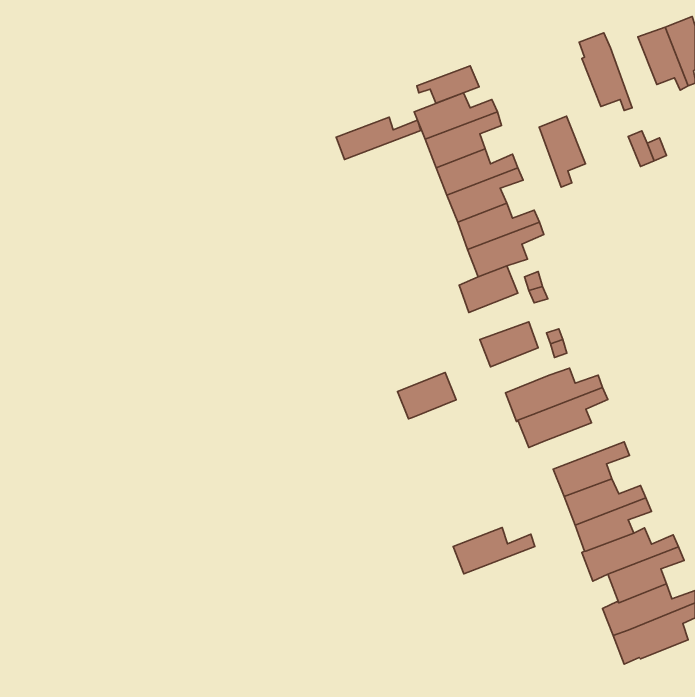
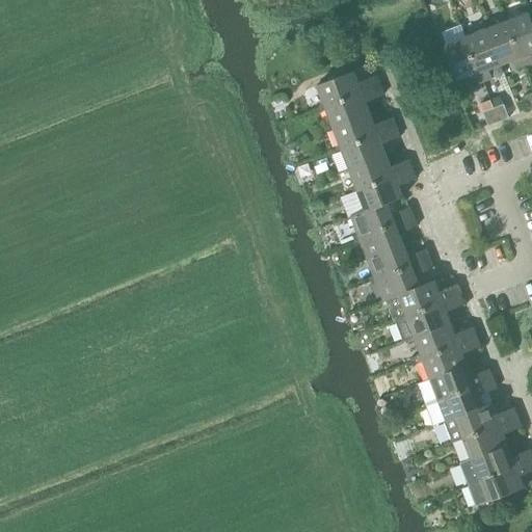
building: [417,66,479,103] -> none
building: [539,116,586,187] -> [466,28,501,82]
building: [336,117,421,160] -> none
building: none -> [357,223,403,259]
building: [398,372,456,419] -> [374,265,419,300]
building: [453,527,535,574] -> [414,322,476,357]

